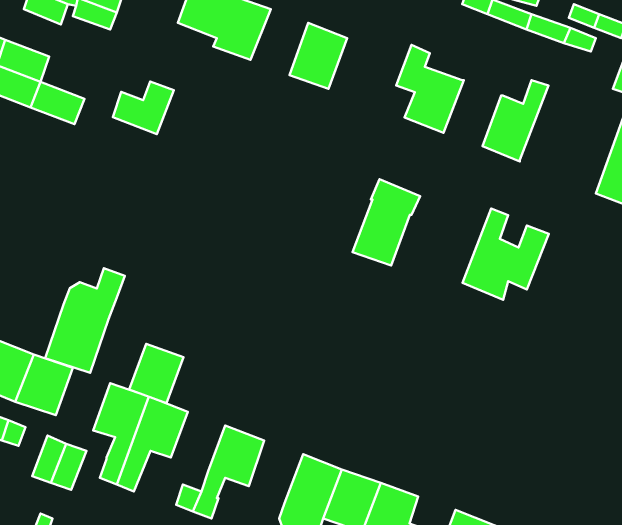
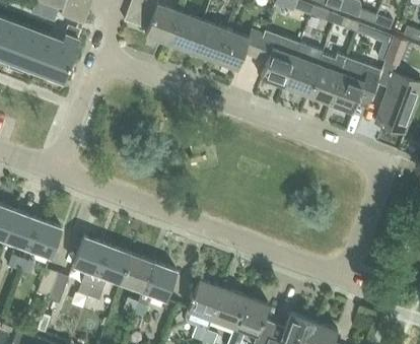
building: none -> [168,12,203,52]
building: none -> [215,29,265,69]
building: [113,82,174,134] -> [43,35,79,66]
building: [352,179,420,266] -> [284,43,325,94]
building: [463,208,549,300] -> [330,58,381,113]
building: [45,268,125,373] -> none
building: [129,344,183,403] -> [121,254,153,289]

